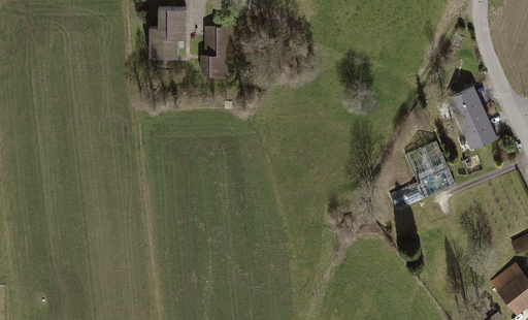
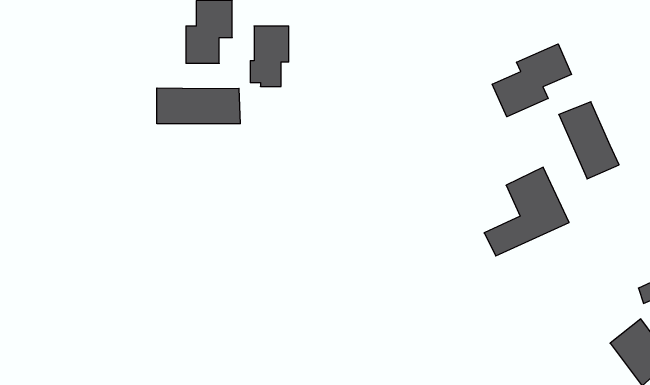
building: none -> [492,44,571,117]
building: none -> [157,88,240,124]

